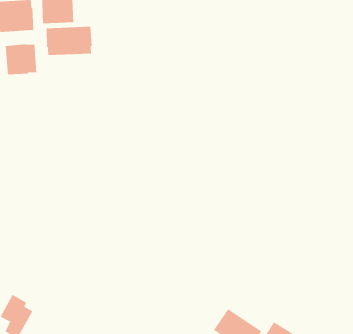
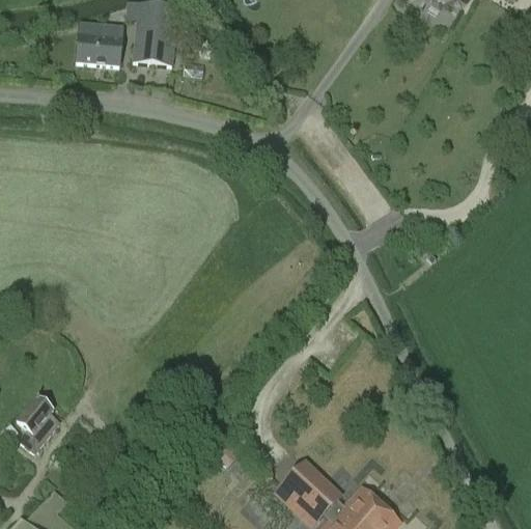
building: [46,26,92,56] -> none
building: [5,44,37,75] -> none

